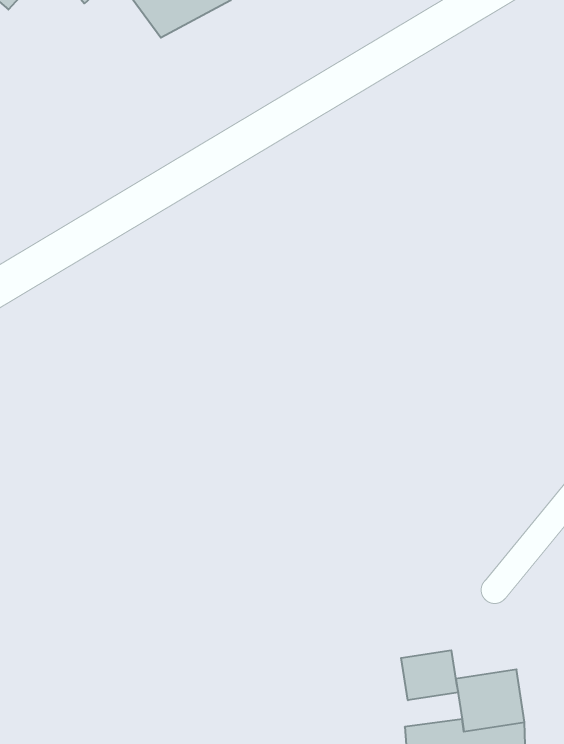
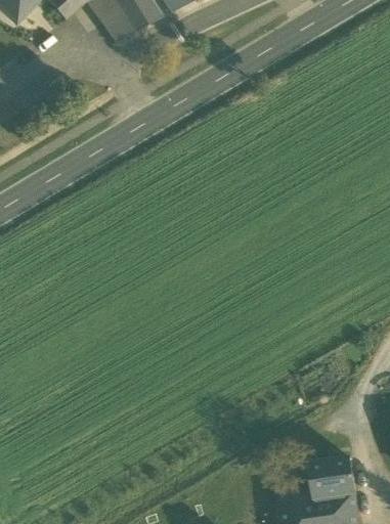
building: [401,650,458,700] -> none

